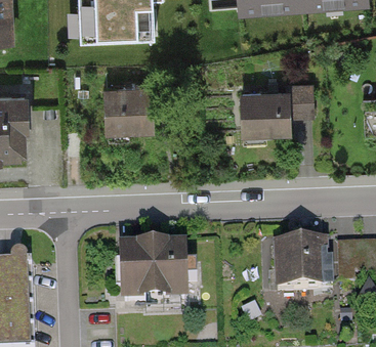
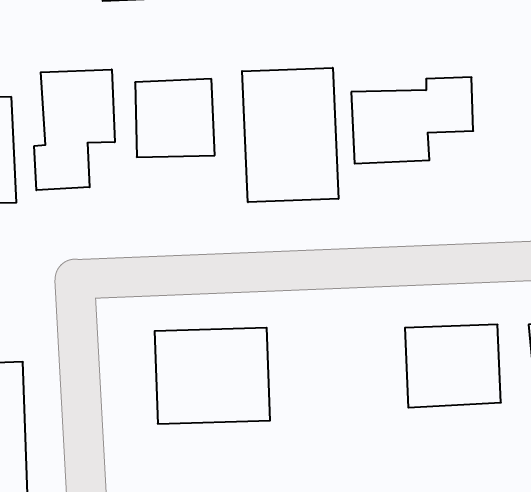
building: none -> [242,68,338,202]
building: none -> [34,69,115,190]

